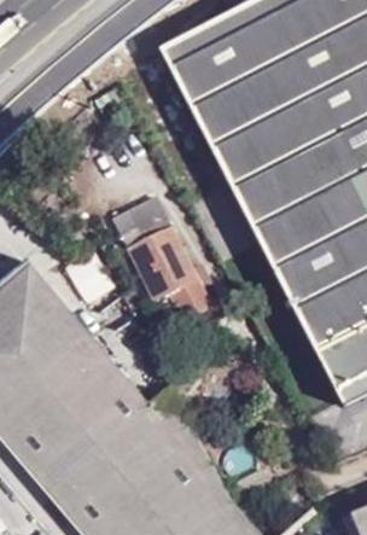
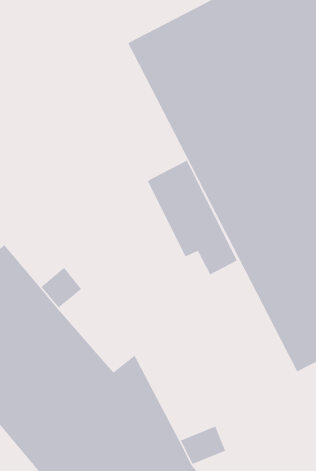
building: [110,193,208,318] -> [147,160,238,276]

